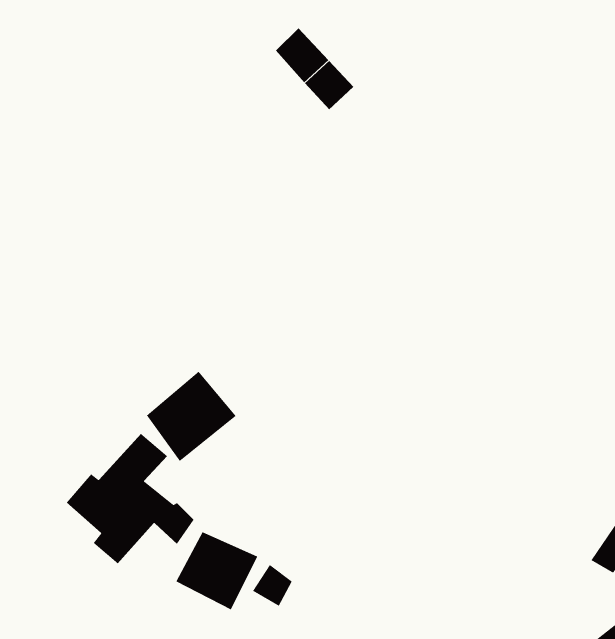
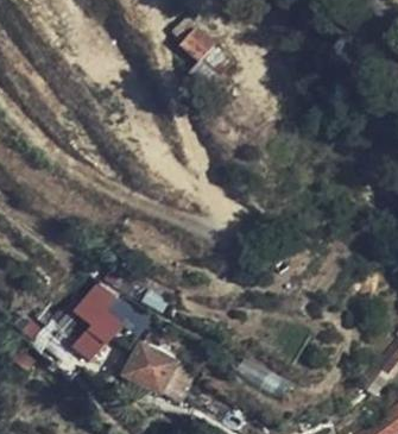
building: [146,371,236,462] -> none

